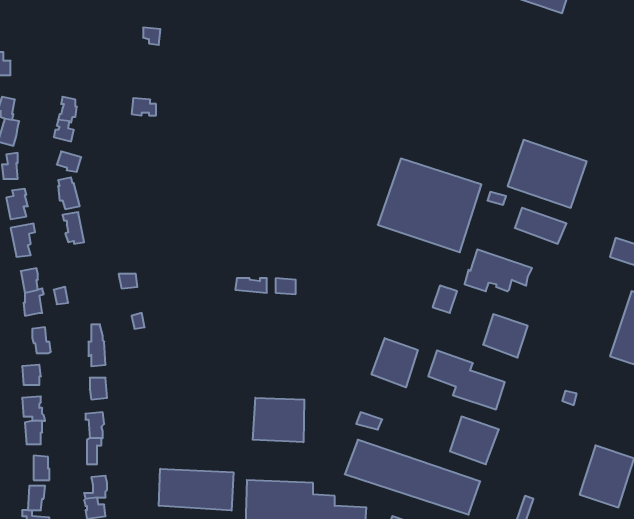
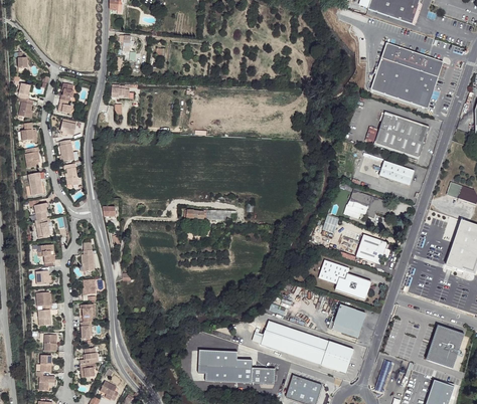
building: [378,159,481,252] -> [371,43,444,109]
building: [372,338,418,387] -> none
building: [253,398,304,442] -> none
building: [159,469,233,511] -> none

